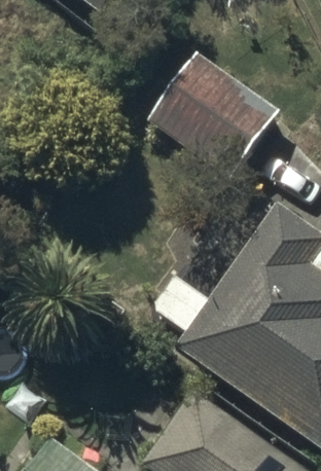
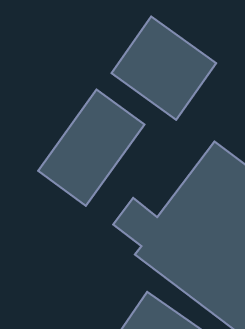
building: none -> [38,89,144,206]

